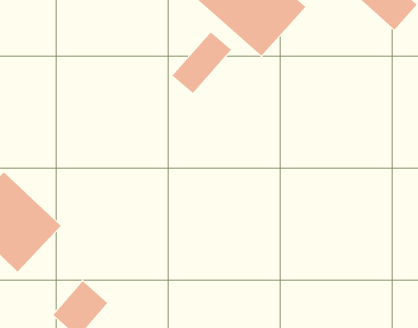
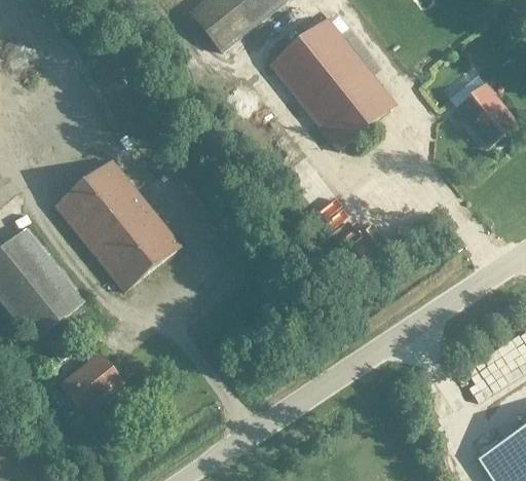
building: [171,32,232,94] -> none
building: none -> [62,165,178,289]

